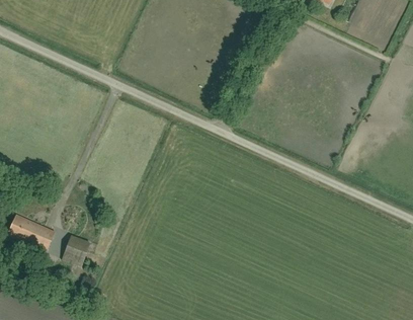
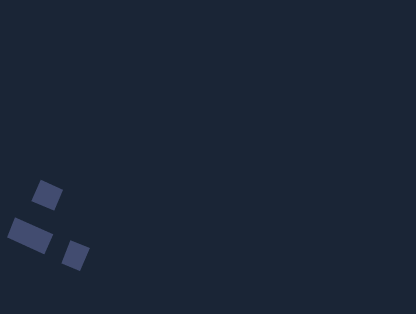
building: none -> [30,179,64,211]

